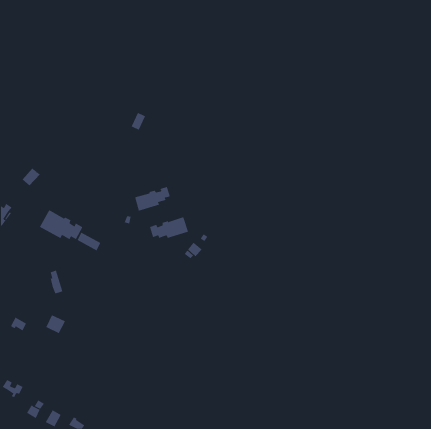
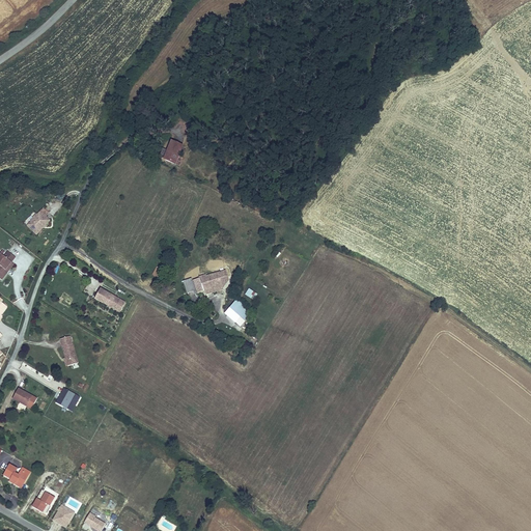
building: [134,186,170,211] -> none
building: [39,209,83,240] -> none

